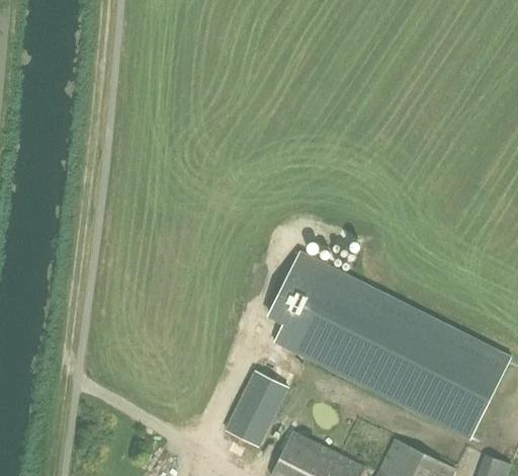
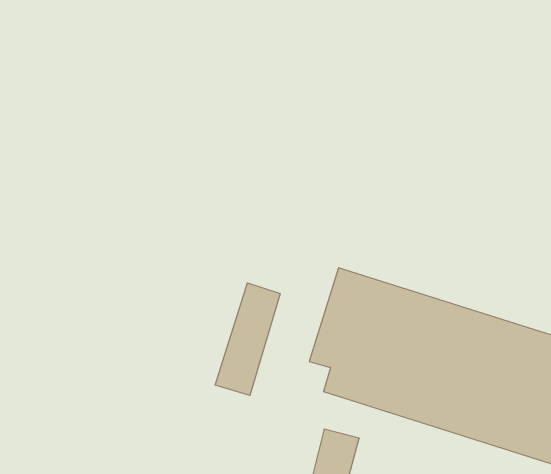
building: none -> [215,283,280,395]

